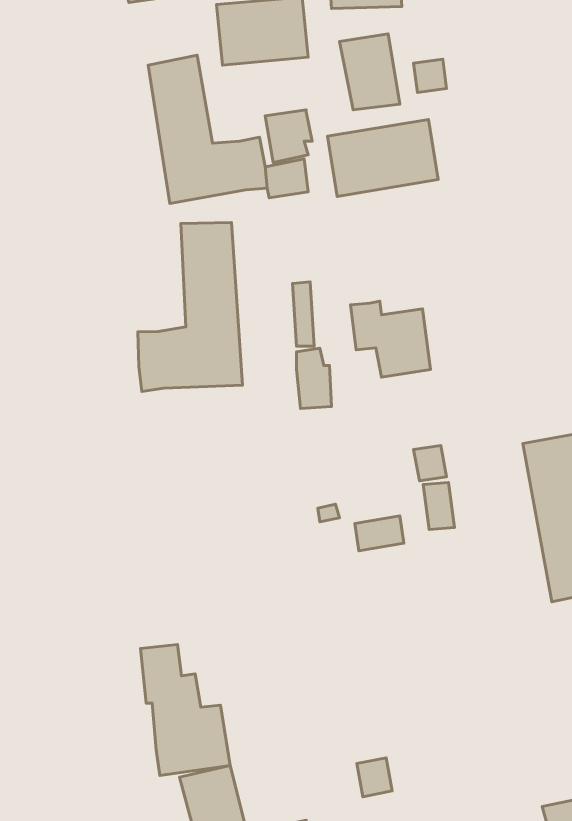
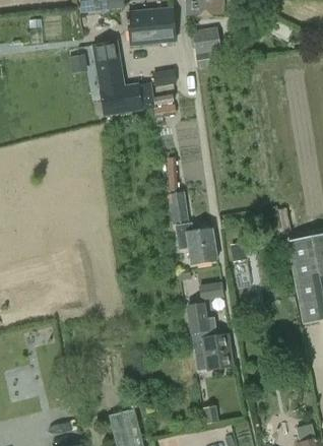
building: [327,119,438,196] -> none
building: [138,223,242,391] -> none
building: [350,301,430,377] -> [175,224,216,263]
building: [140,645,230,775] -> [186,302,233,370]

